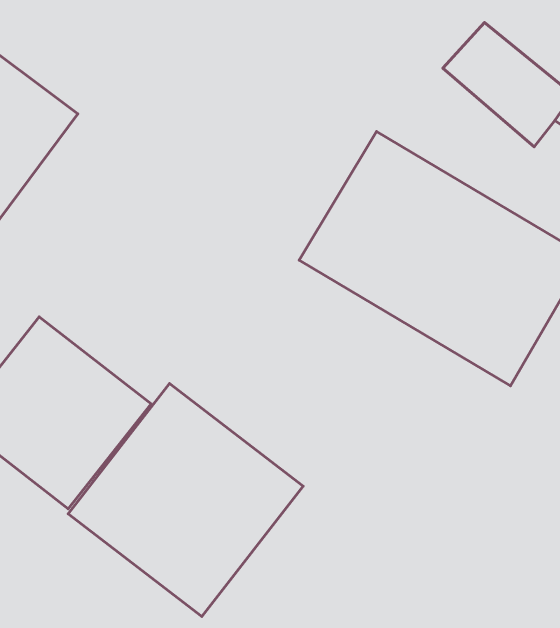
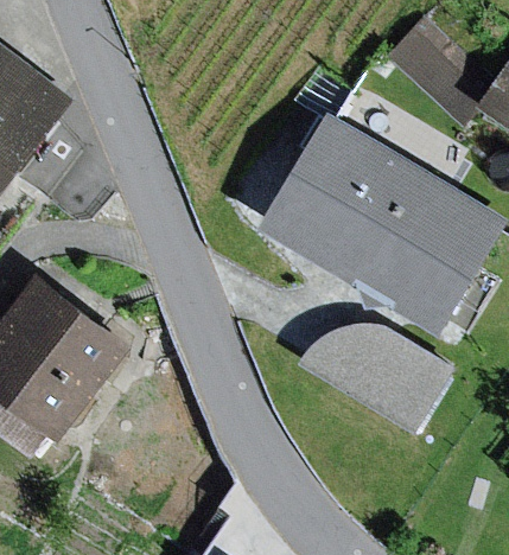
building: none -> [295,323,453,440]
building: [68,384,303,617] -> none

